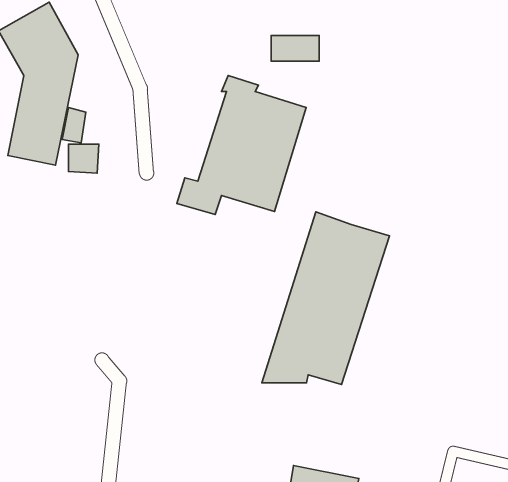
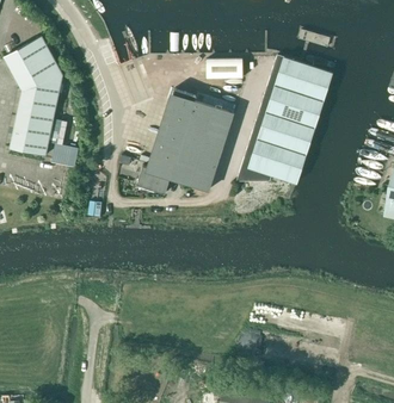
building: [262,212,389,384] -> [236,54,332,182]

